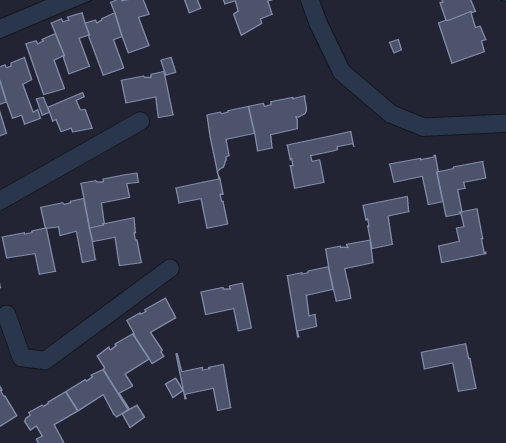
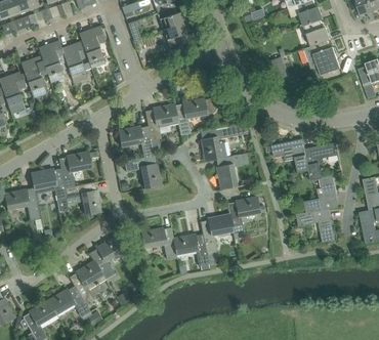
building: [121,72,173,118] -> [118,125,154,157]
building: [48,93,92,132] -> none
building: [363,197,409,249] -> [216,153,248,188]
building: [421,344,476,391] -> [297,208,335,241]
building: [176,354,231,410] -> [170,226,208,265]

